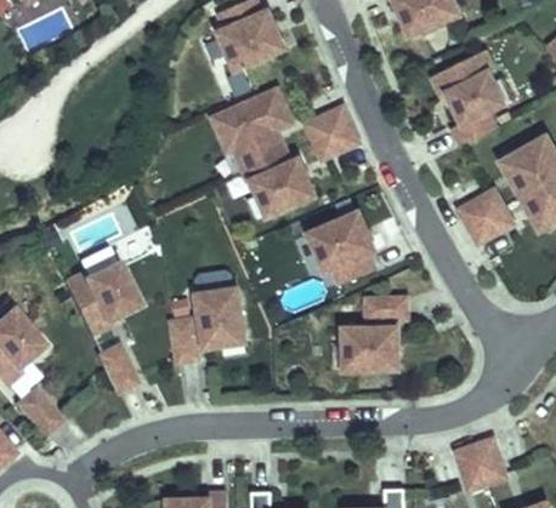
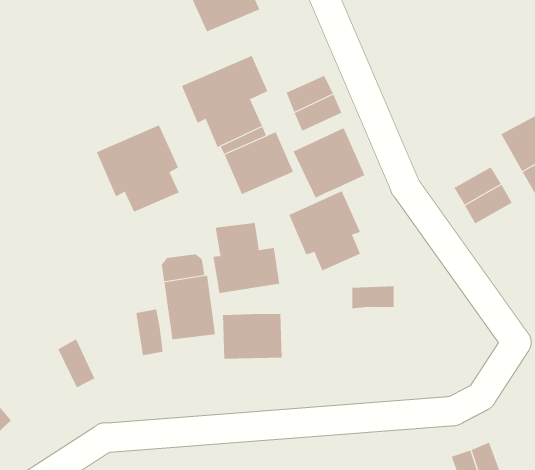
building: [431,50,503,144] -> none
building: none -> [96,125,179,213]
building: none -> [293,128,365,199]
building: none -> [213,222,280,294]
building: [63,262,136,332] -> none
building: [342,326,397,367] -> [222,313,282,359]

